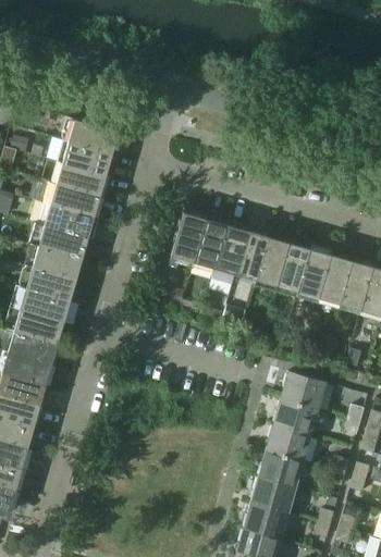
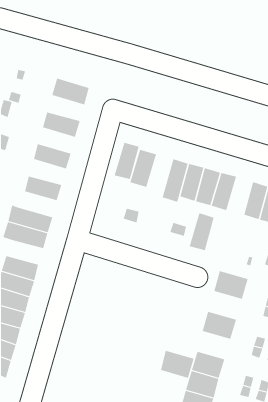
building: [61,143,111,176] -> none
building: [49,185,99,219] -> none
building: [193,220,226,269] -> [114,142,140,180]
building: [37,226,87,260] -> none
building: [297,249,331,299] -> [189,213,215,251]
building: [25,269,75,302] -> none
building: [8,332,58,364] -> none
building: [272,399,318,436] -> none
building: [258,451,303,488] -> [160,350,194,379]

